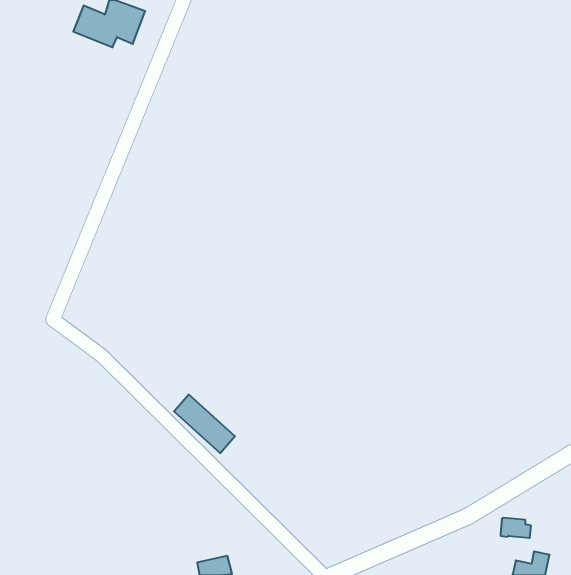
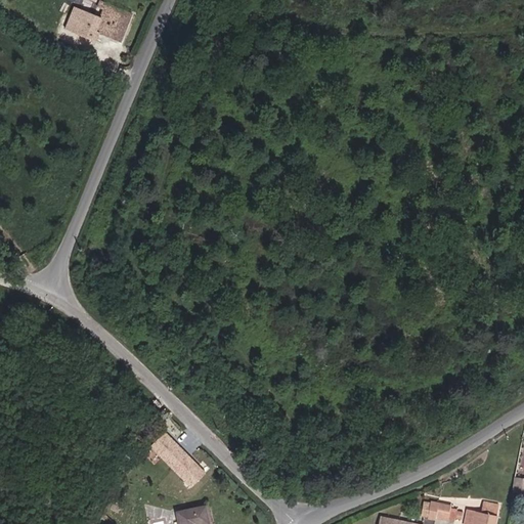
building: [174,395,235,453] -> [147,433,203,486]
building: [501,518,531,538] -> [429,500,456,519]

